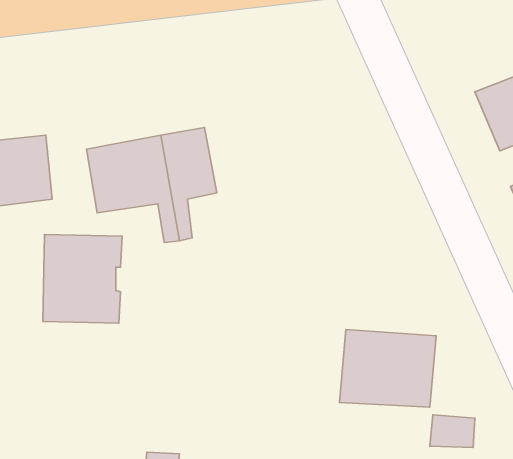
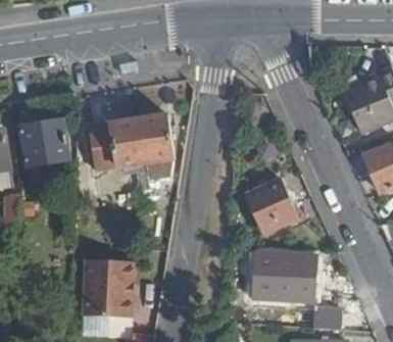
building: none -> [247,173,299,228]
building: [43,235,122,323] -> [83,256,135,314]

